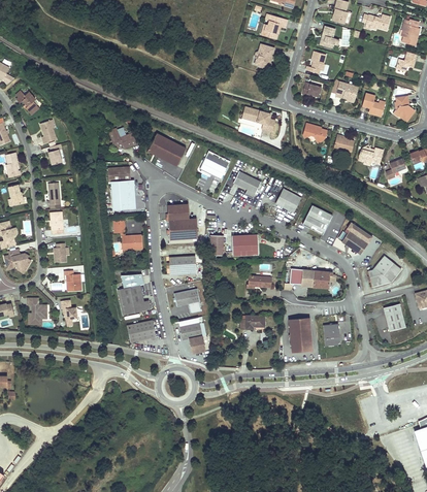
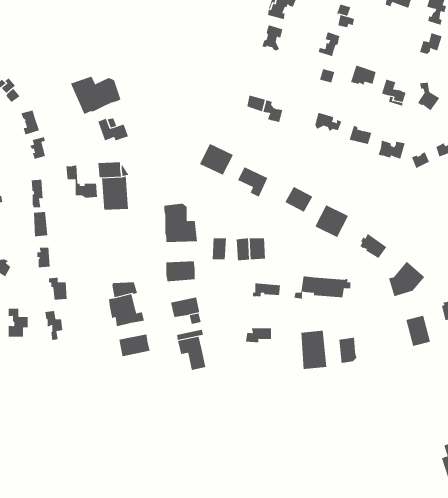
building: none -> [70,76,121,115]
building: [149,134,186,166] -> none
building: [113,220,142,250] -> [66,165,98,198]

